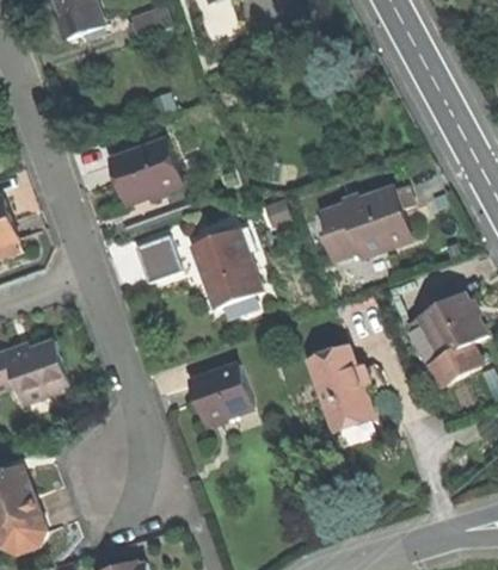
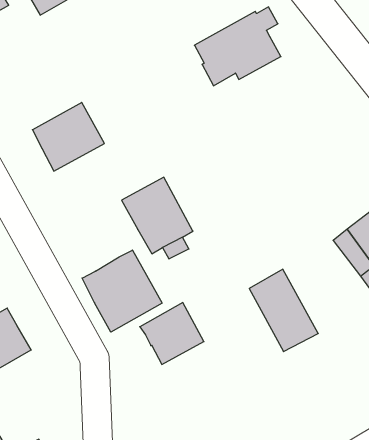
building: [321,185,412,258] -> [194,7,281,86]
building: [134,235,179,281] -> none
building: none -> [82,250,162,332]

